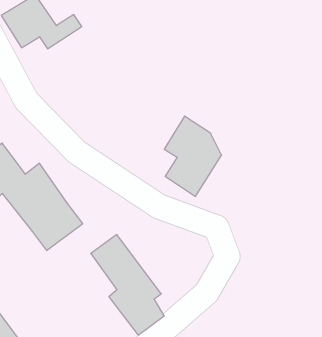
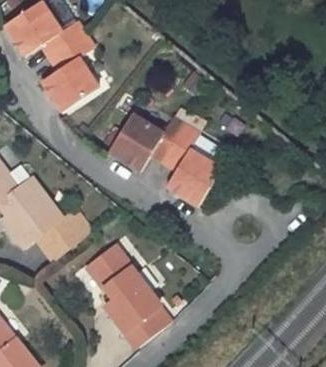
building: none -> [39,35,94,112]
building: none -> [109,112,184,166]

